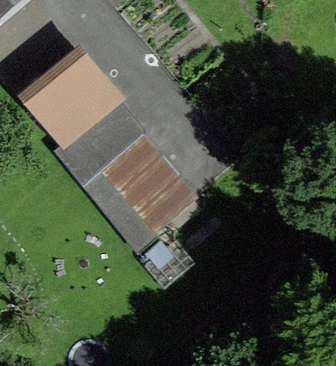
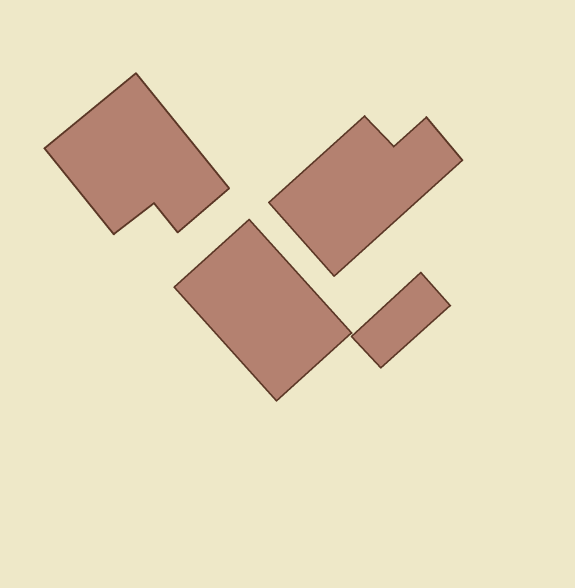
building: none -> [269,116,462,276]

